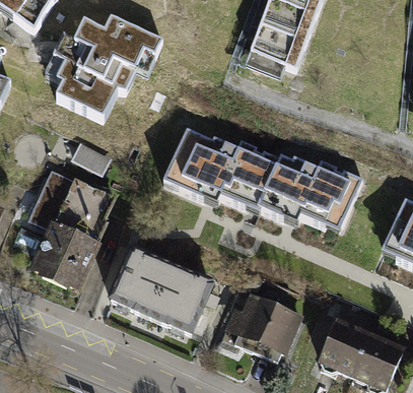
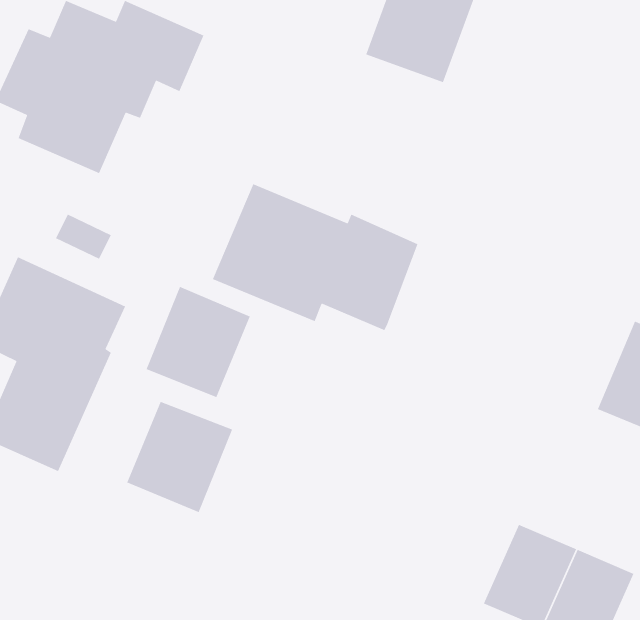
building: [264,155,361,227] -> none
building: [156,266,216,330] -> [145,286,251,398]
building: [236,296,302,358] -> none

